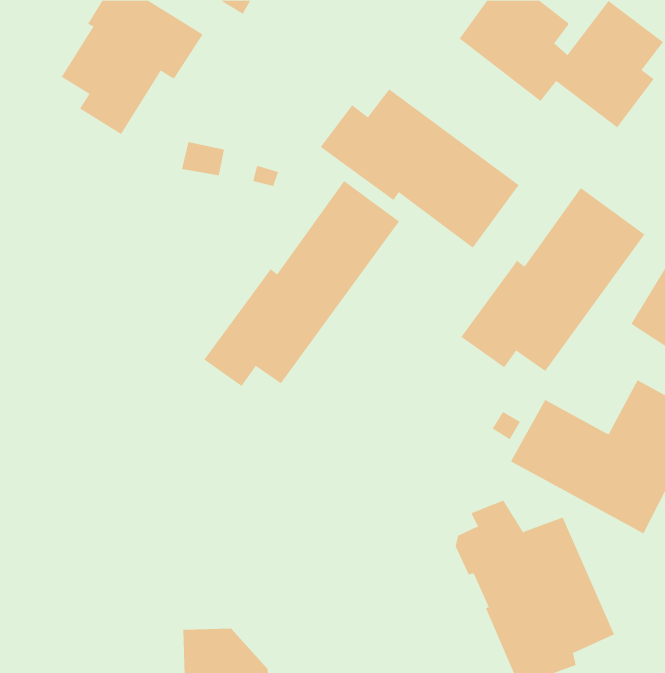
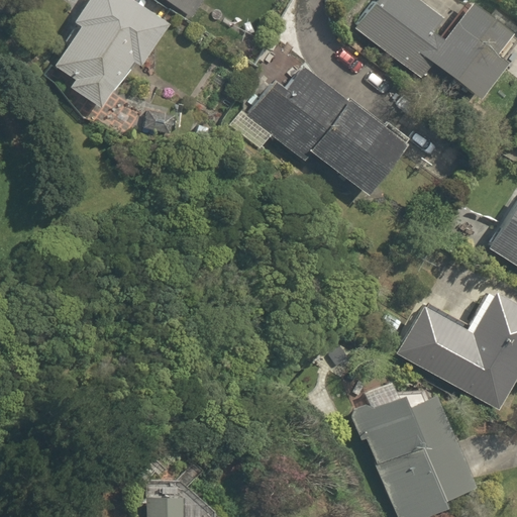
building: [204,180,400,387] -> none
building: [460,187,645,372] -> none

